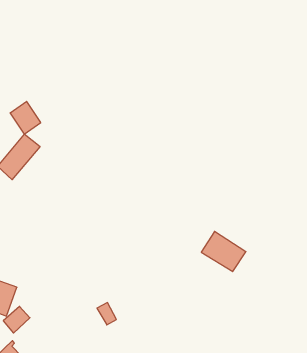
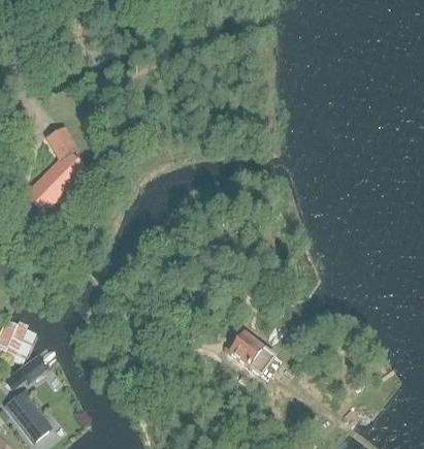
building: [201,231,246,272] -> [228,330,278,377]

